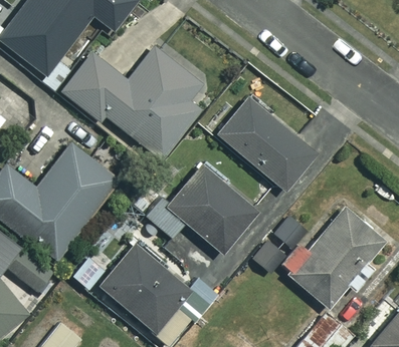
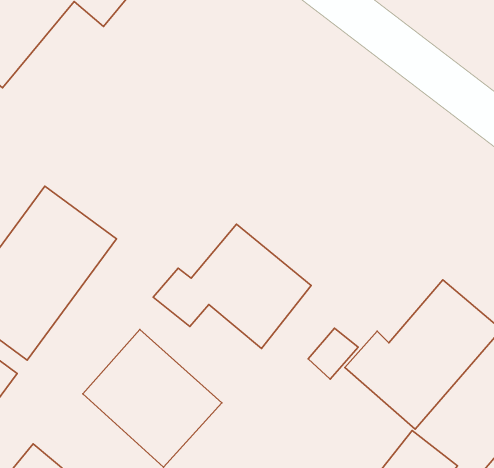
building: [60,46,202,160] -> none
building: [216,96,319,195] -> none

